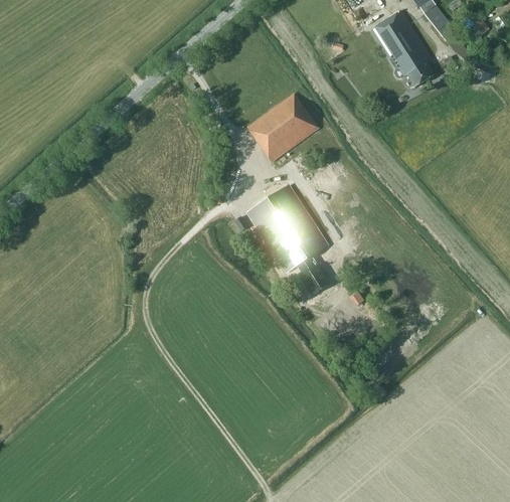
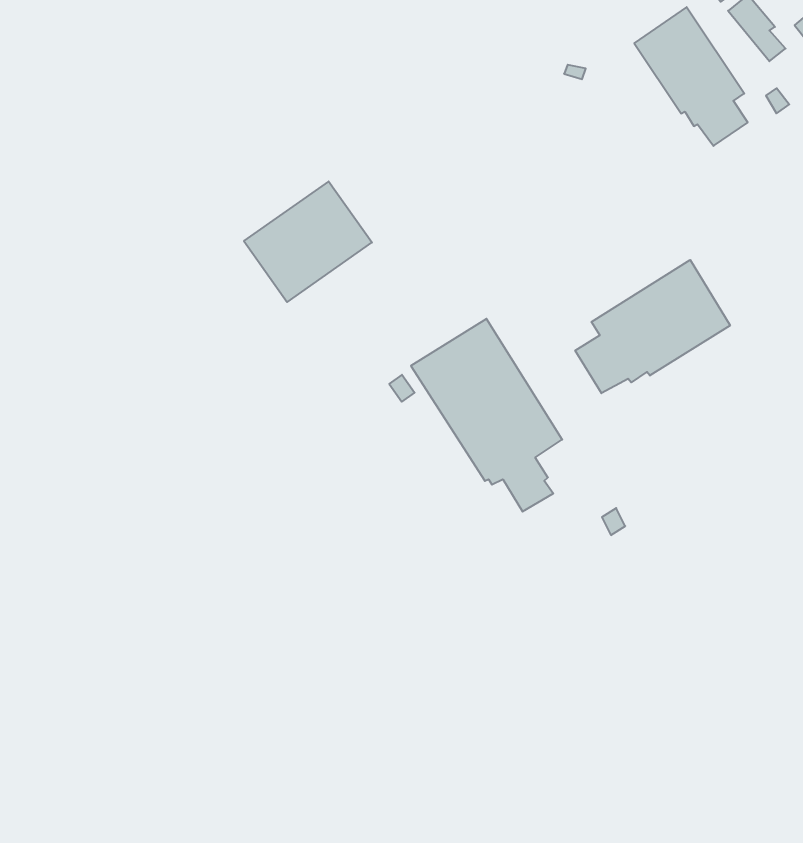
building: [246,94,318,161] -> [244,181,372,302]
building: none -> [575,260,730,393]

